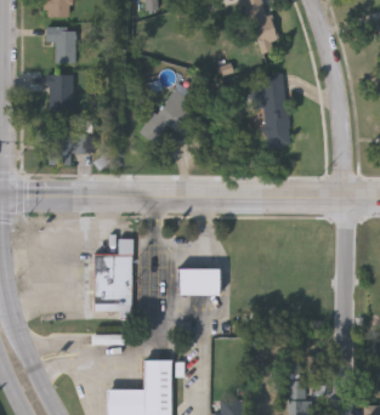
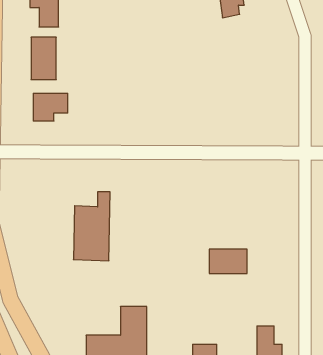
building: [262,74,291,149] -> none
building: [142,85,206,144] -> none
building: [177,269,217,295] -> [209,249,247,273]

